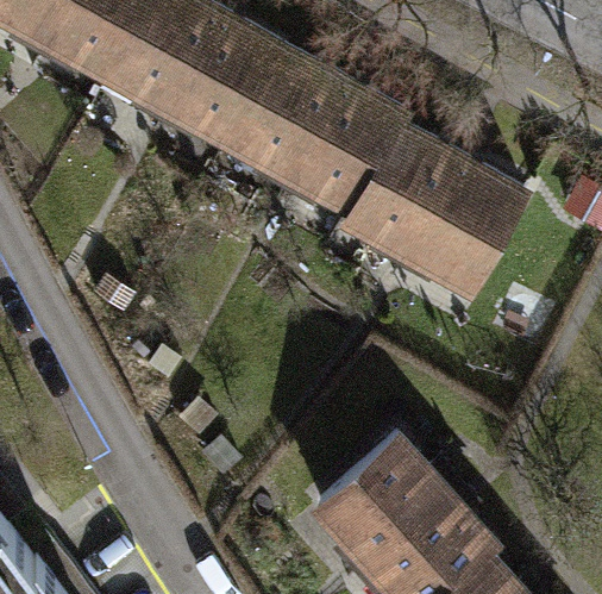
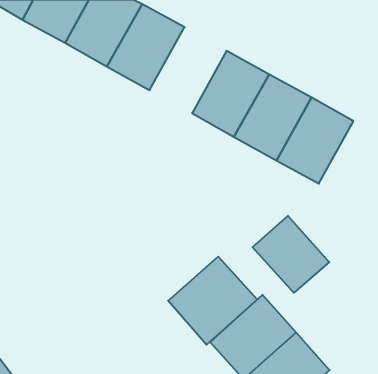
building: [226,50,338,175] -> none
building: none -> [253,216,329,293]
building: none -> [168,257,257,345]

